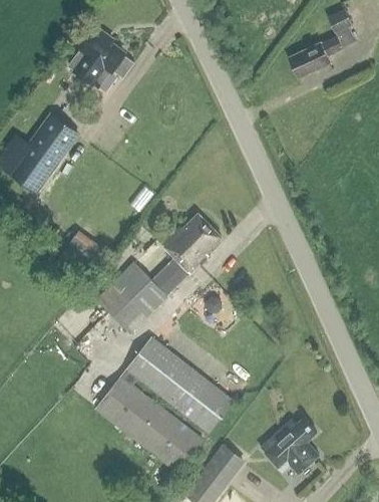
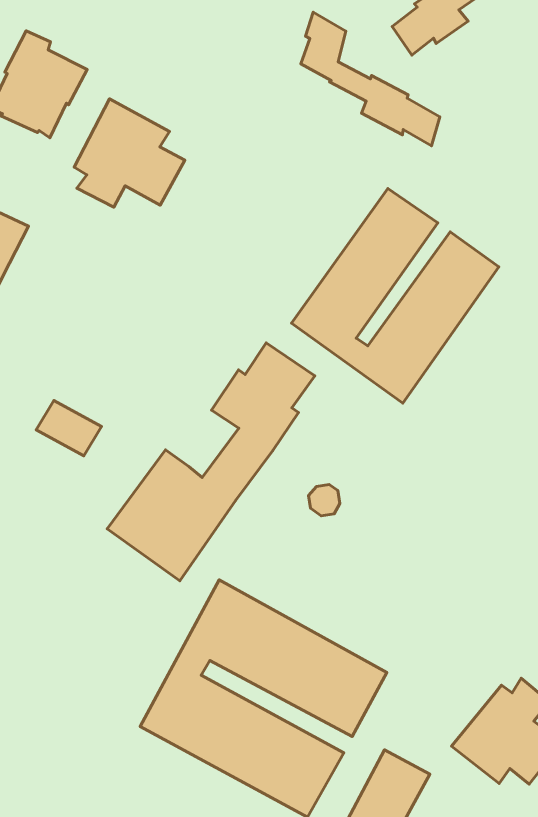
building: none -> [301,12,440,146]
building: none -> [74,99,185,207]
building: none -> [292,188,499,403]

